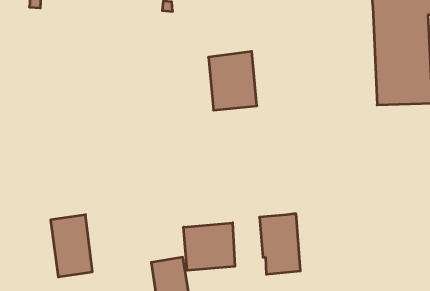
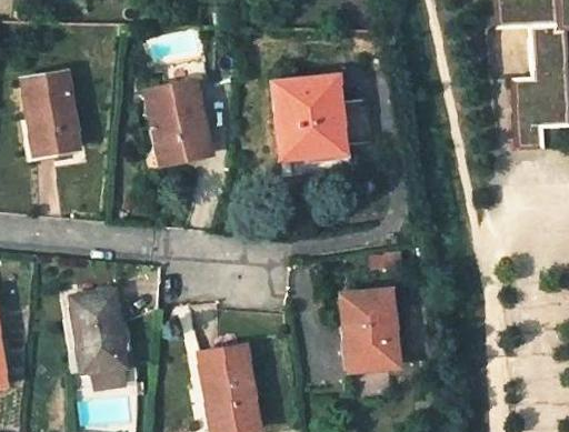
building: none -> [26,72,80,153]
building: none -> [142,81,211,165]
building: [184,223,235,270] -> none

